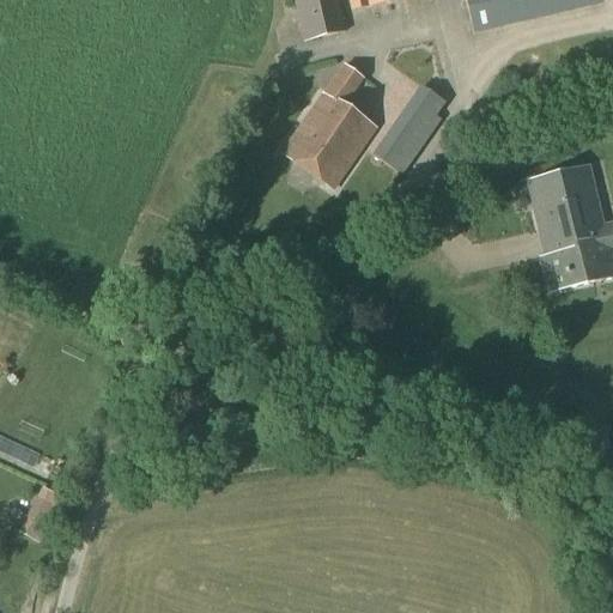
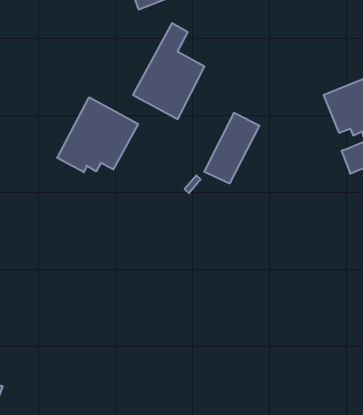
building: [372,80,453,171] -> [204,113,260,183]
building: none -> [57,97,138,172]

